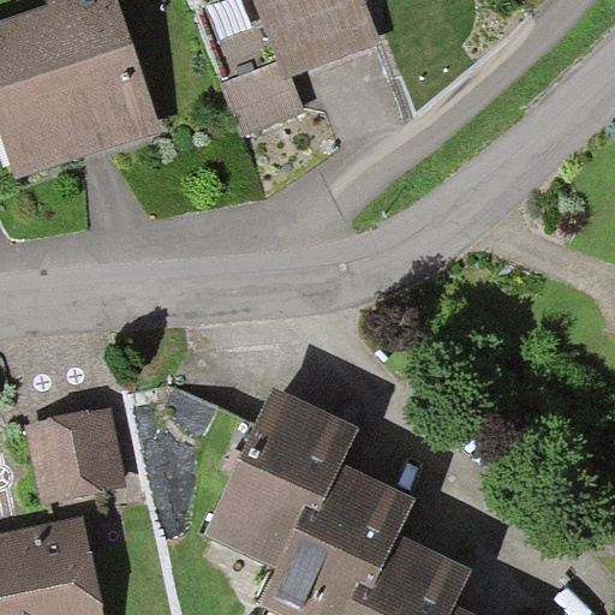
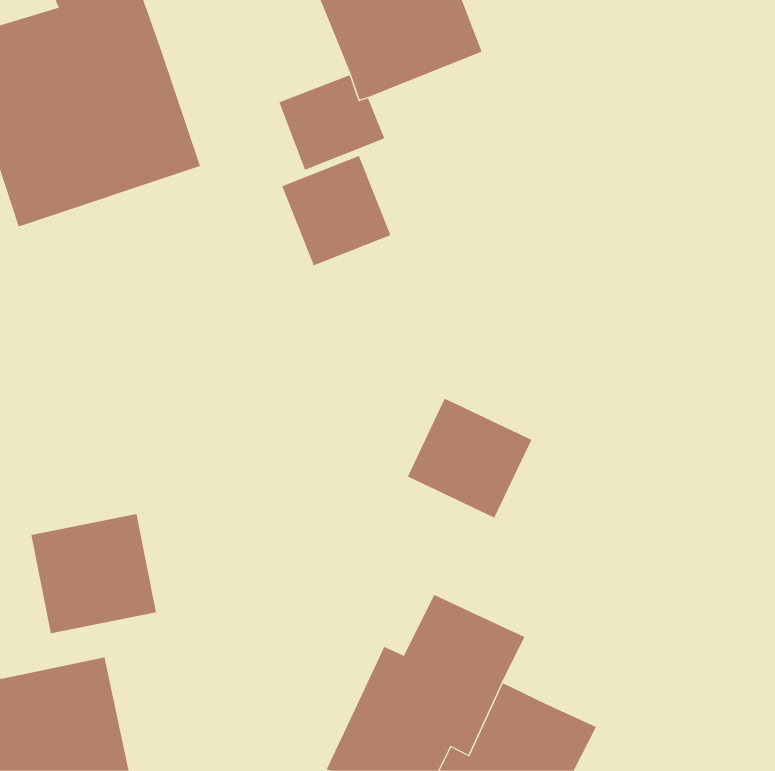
building: none -> [282,155,391,266]
building: none -> [407,398,532,518]
building: [203,390,359,568] -> none

